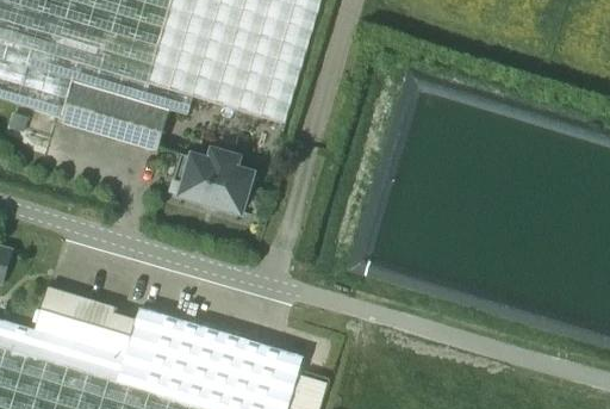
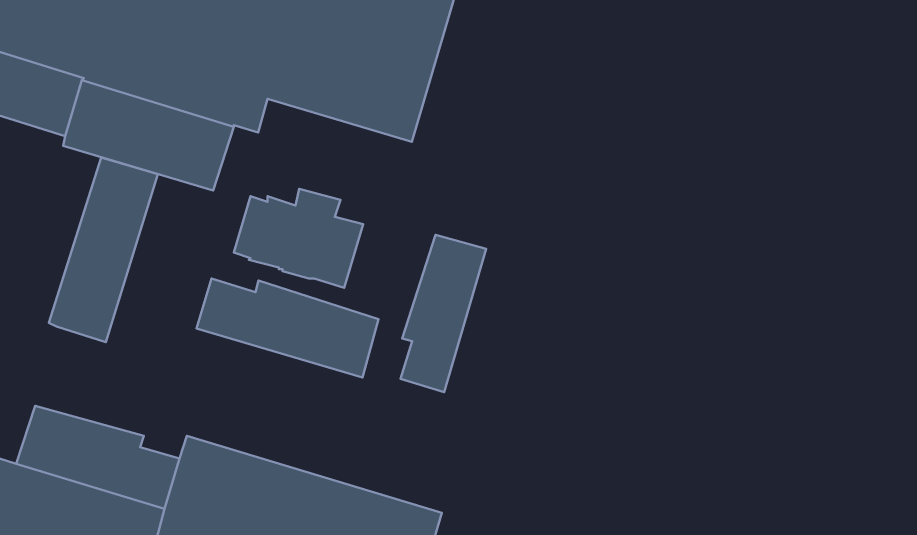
building: none -> [49,158,158,342]
building: none -> [400,235,486,392]
building: none -> [196,278,379,378]

